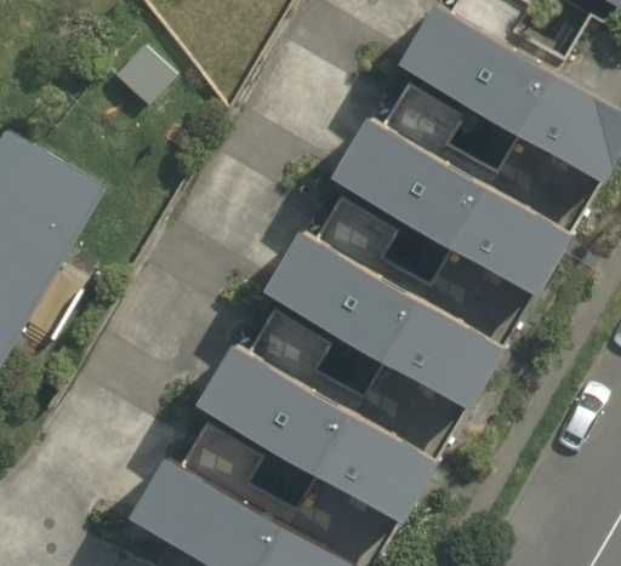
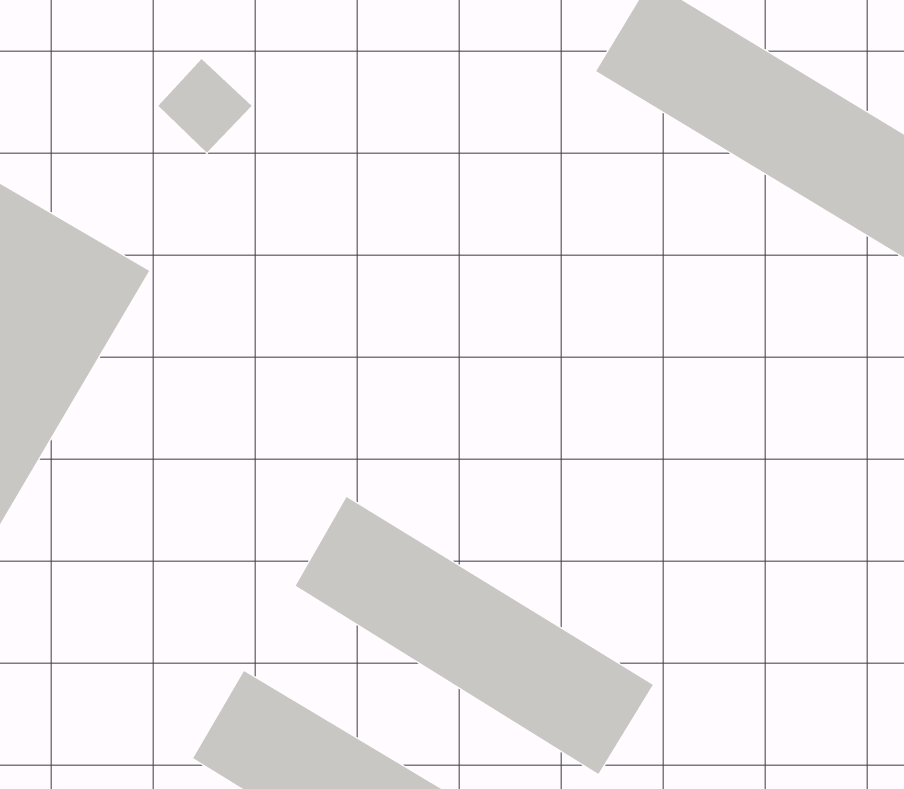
building: [330,118,570,298] -> none
building: [263,231,502,413] -> none

